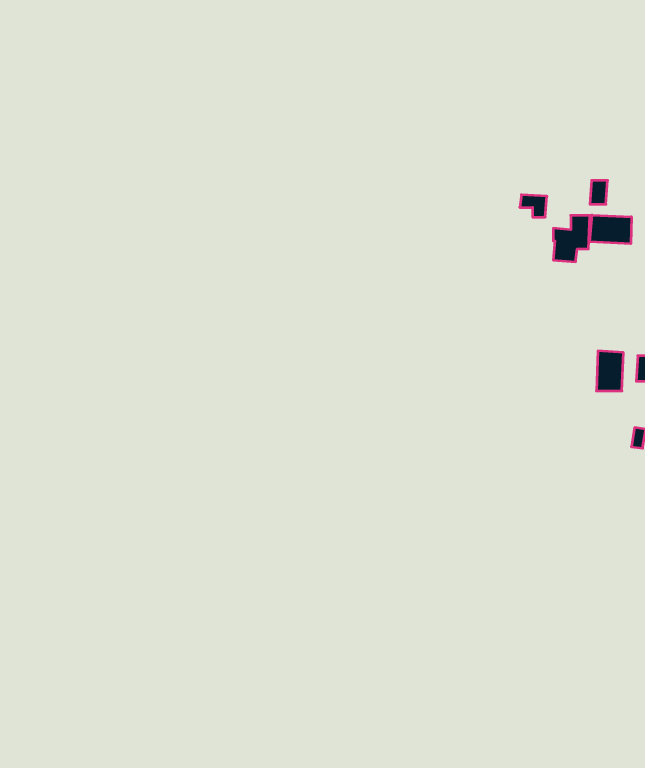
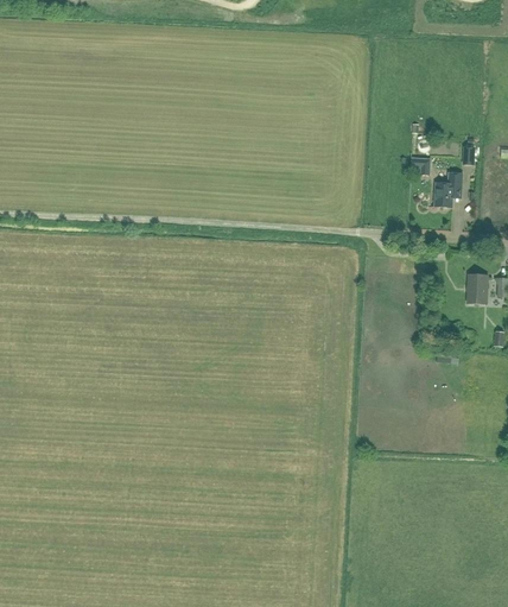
building: [590,215,631,244] -> none

